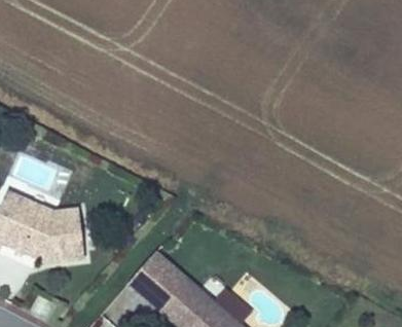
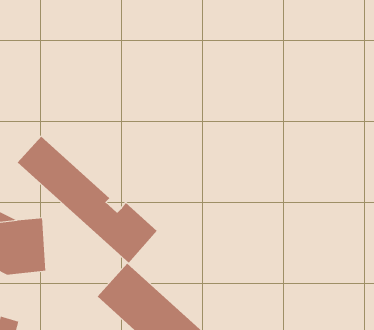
building: none -> [17,136,158,264]

